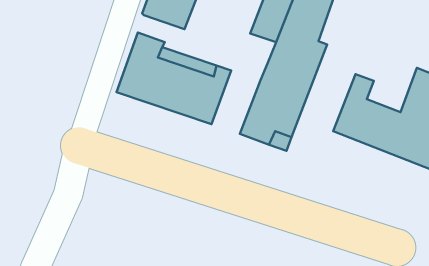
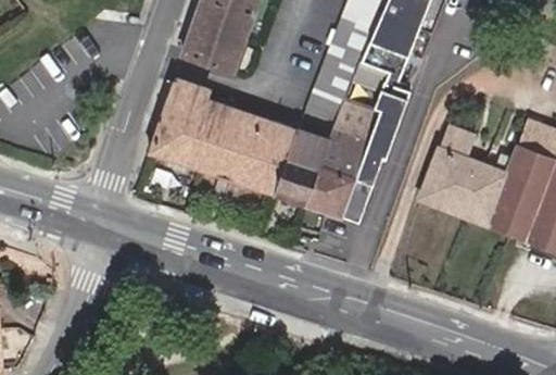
building: none -> [305,78,349,116]
building: none -> [267,125,329,204]

